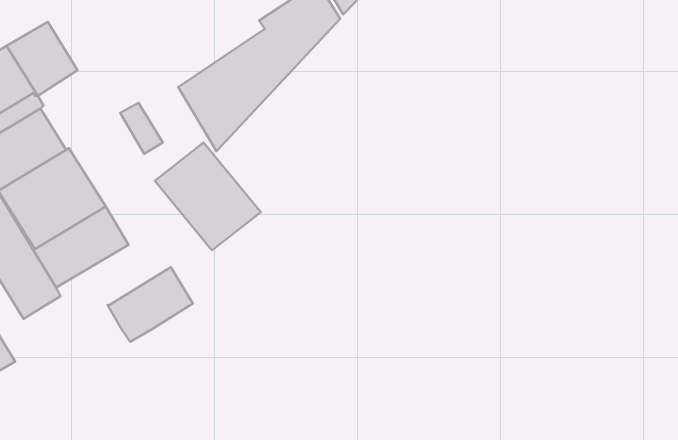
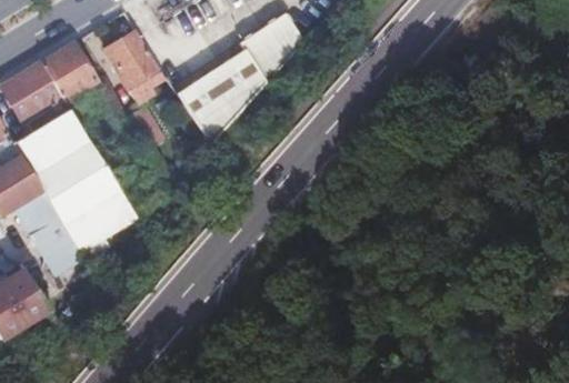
building: none -> [106,31,166,102]
building: [155,143,261,250] -> none
building: [107,267,193,342] -> none

